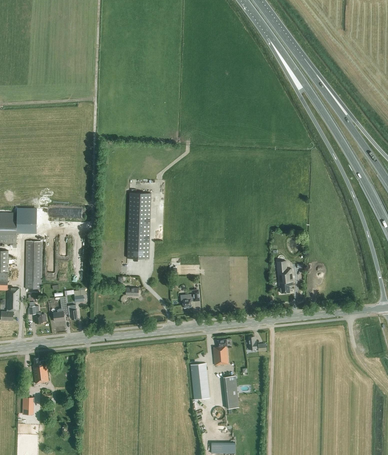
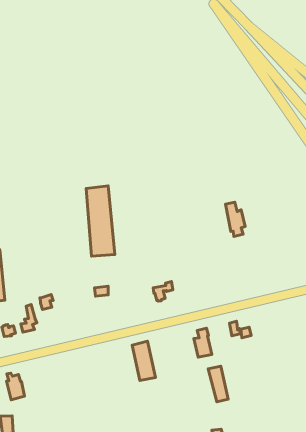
building: [277,261,293,293] -> [225,202,245,236]
building: [191,363,209,399] -> [132,341,155,380]

